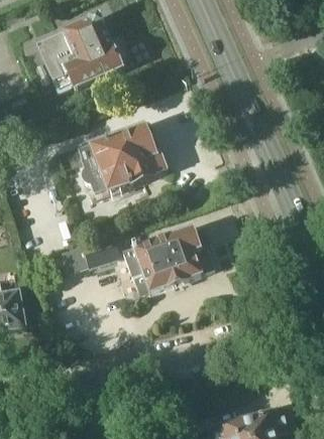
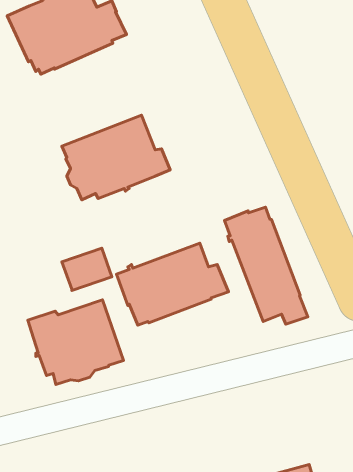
building: none -> [225,207,308,324]
building: none -> [28,300,124,385]

